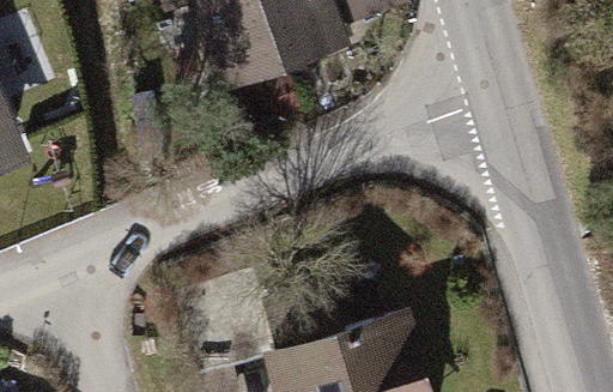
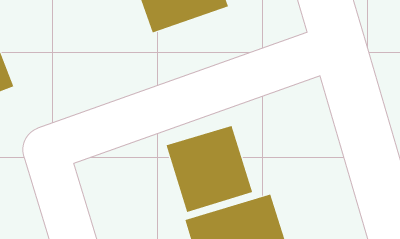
building: none -> [166,125,253,213]

